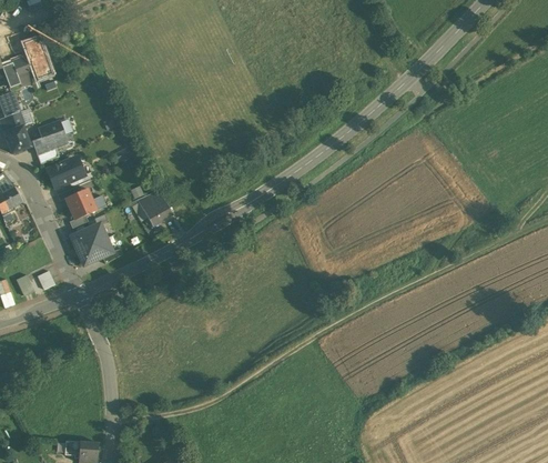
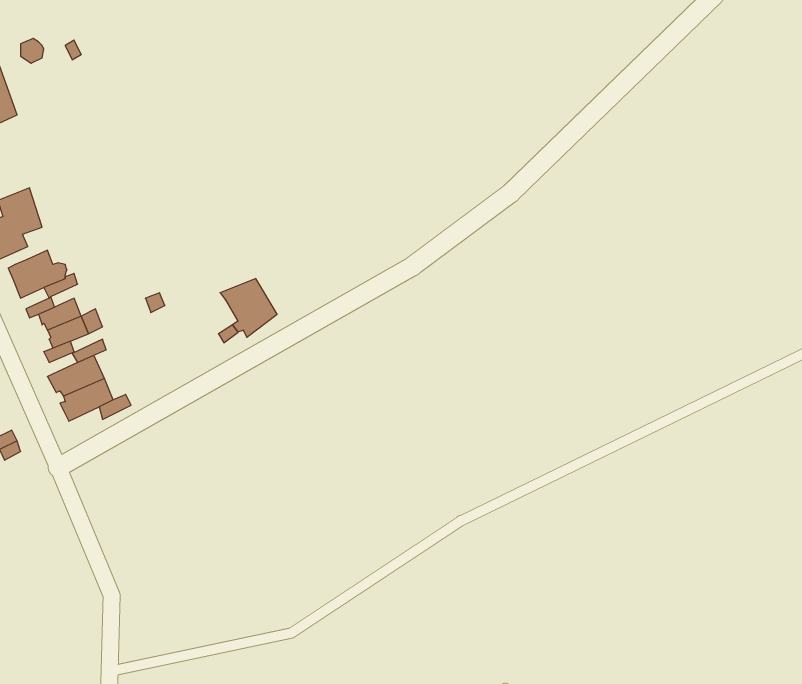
building: [136,190,172,227] -> [220,279,277,337]

